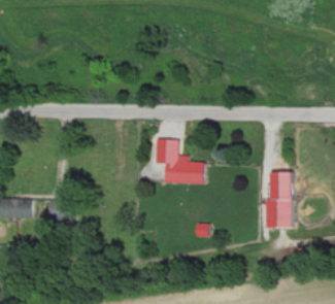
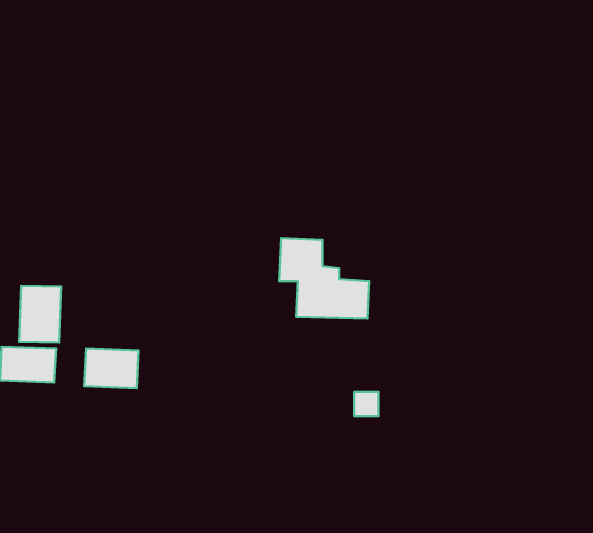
building: none -> [19,286,61,343]
building: [268,172,294,228] -> none

